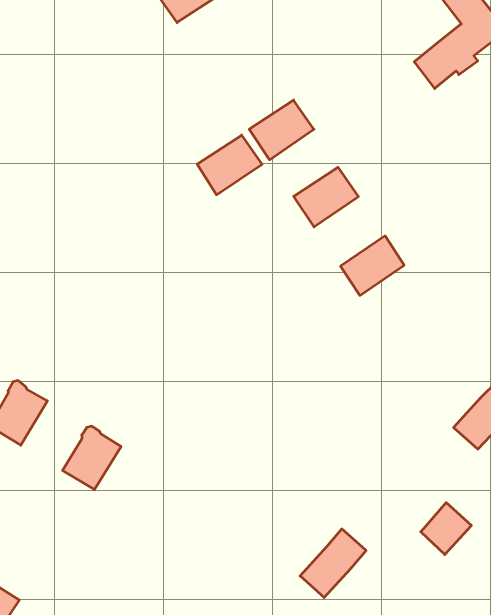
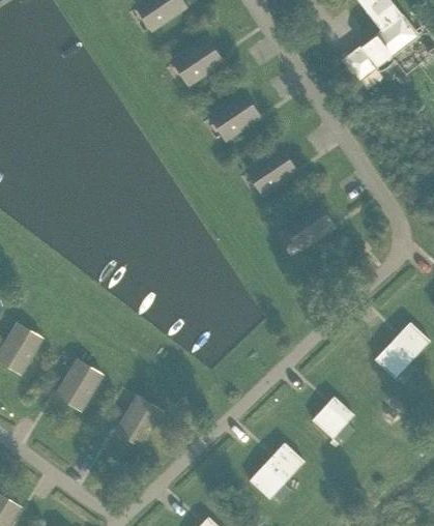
building: [197,135,262,195] -> [170,38,223,87]
building: none -> [116,396,164,447]
building: [421,503,471,555] -> [313,397,354,439]

